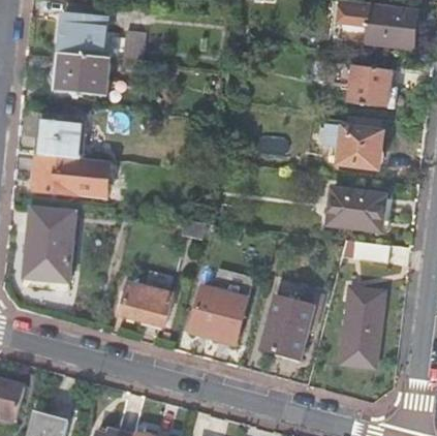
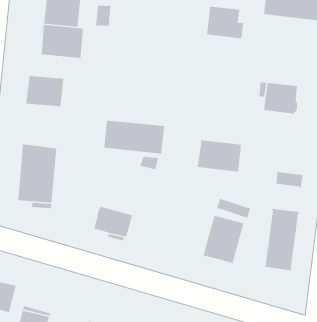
building: [348,65,397,107] -> [206,6,244,39]
building: [31,154,110,198] -> [104,120,165,155]
building: [327,188,385,230] -> [197,139,242,172]
building: [189,286,246,343] -> none

